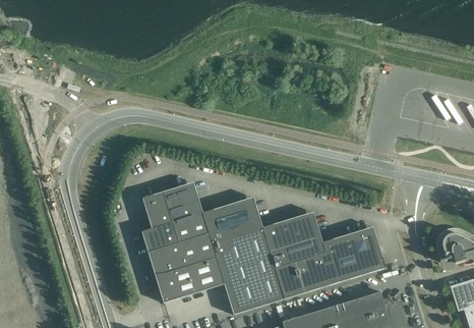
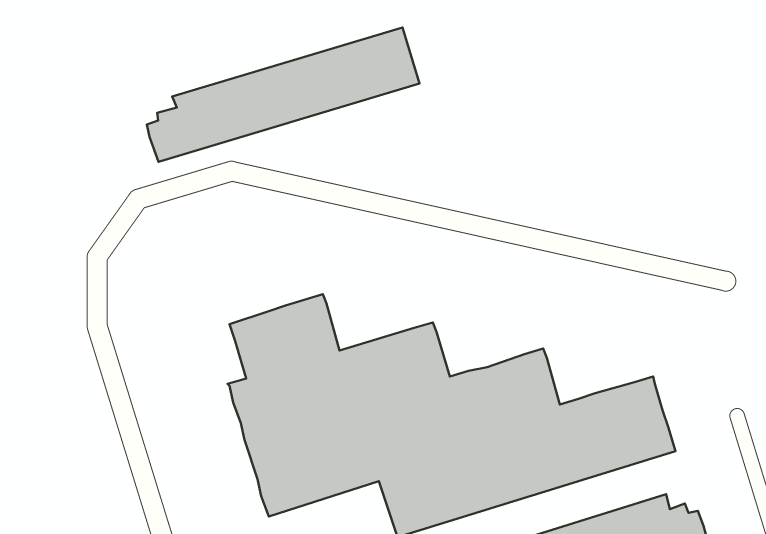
building: none -> [147,28,420,162]

